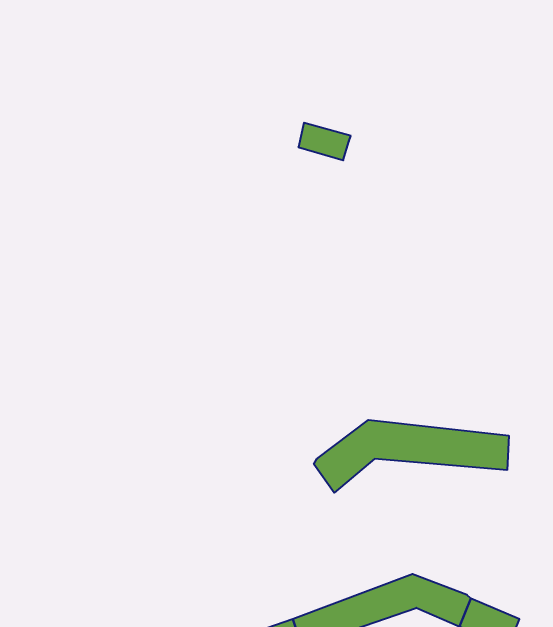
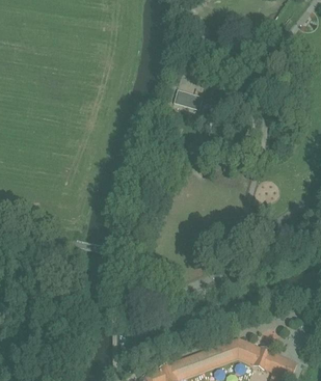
building: [314,420,509,493] -> none

